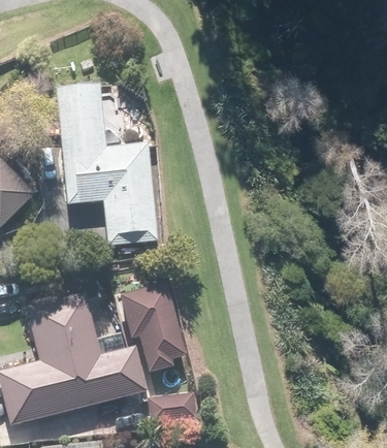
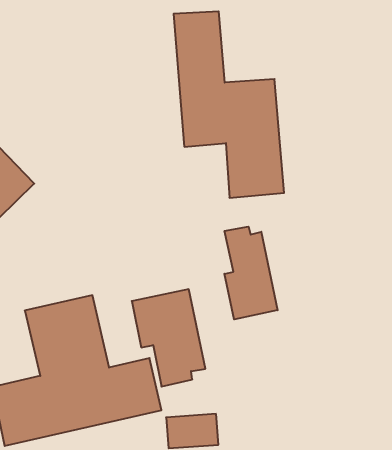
building: [60,84,156,246] -> [174,11,284,198]
building: none -> [224,227,278,319]

